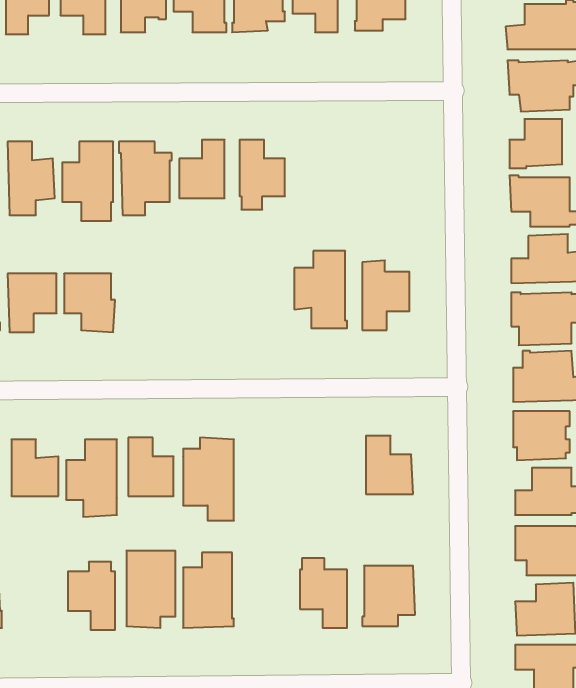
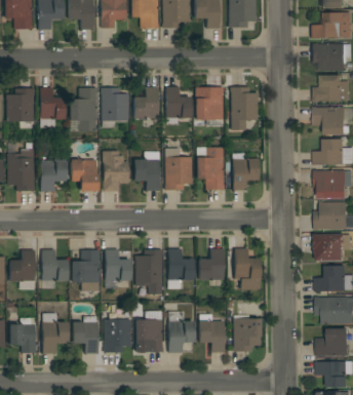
building: none -> [230,87,259,130]
building: none -> [195,88,225,120]
building: none -> [165,149,193,190]
building: none -> [103,151,129,192]
building: none -> [133,159,159,192]
building: none -> [168,249,194,280]
building: none -> [198,249,225,280]
building: none -> [168,312,195,353]
building: none -> [43,314,69,354]

